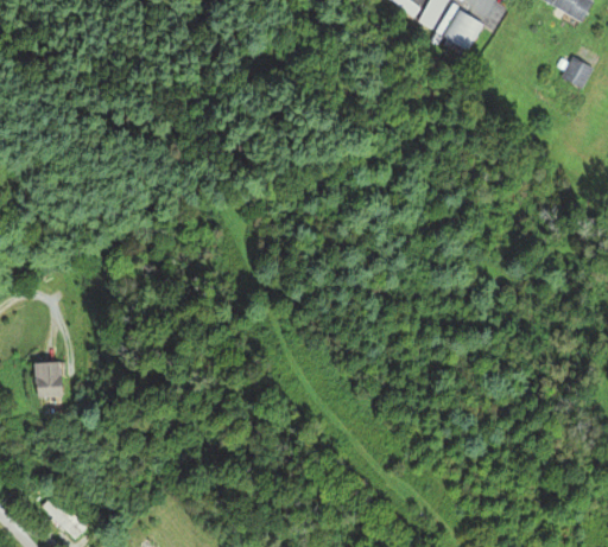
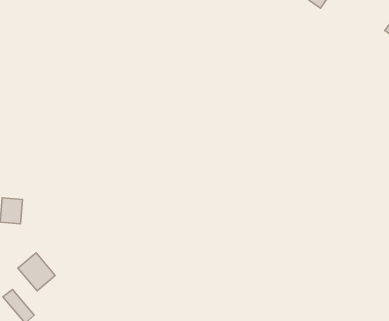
building: none -> [18,253,55,291]

